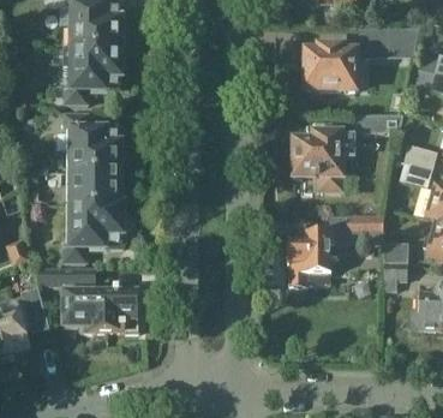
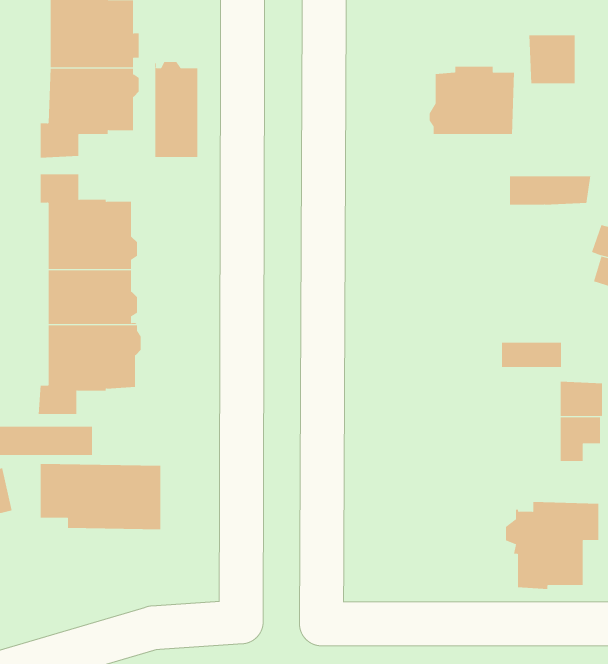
building: none -> [155,61,198,158]
building: [294,133,353,189] -> none
building: [282,232,340,286] -> [505,501,599,590]

